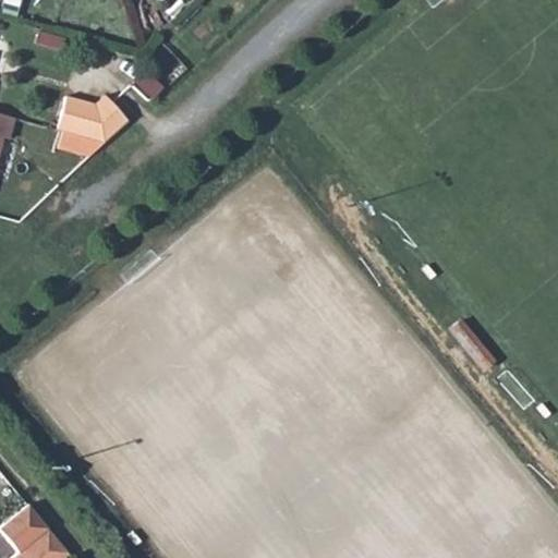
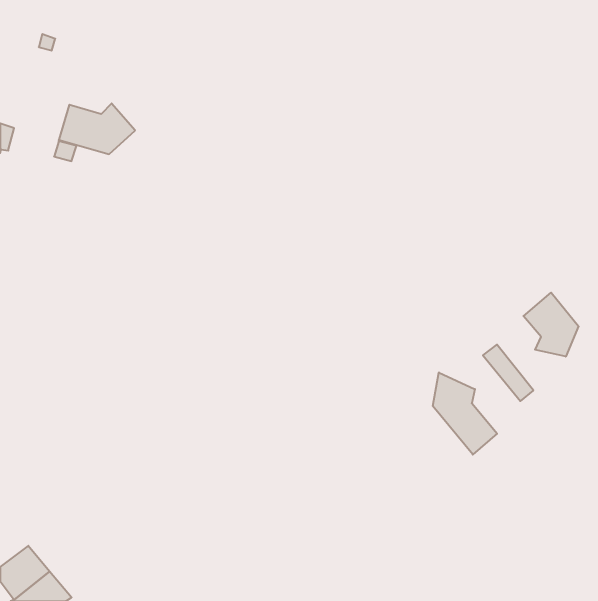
building: none -> [523,293,579,357]
building: none -> [433,372,497,455]

